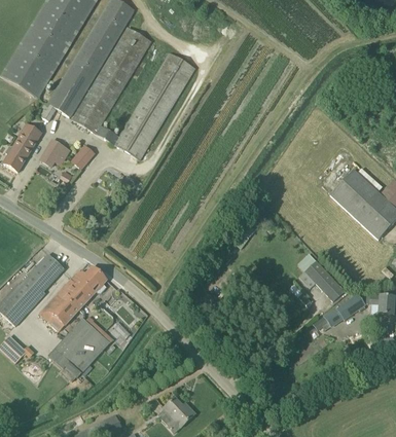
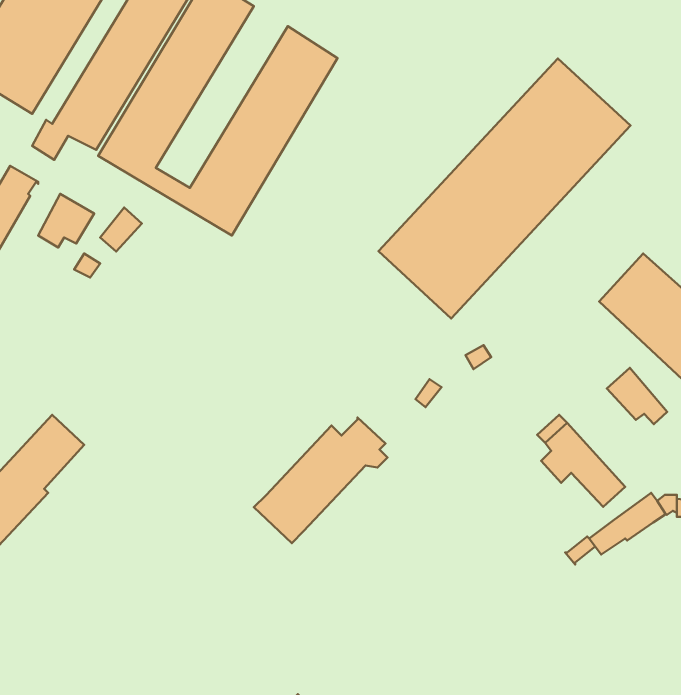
building: none -> [378,58,631,318]
building: none -> [607,368,667,424]
building: [39,265,108,330] -> [254,418,387,543]
building: [48,315,110,378] -> none

